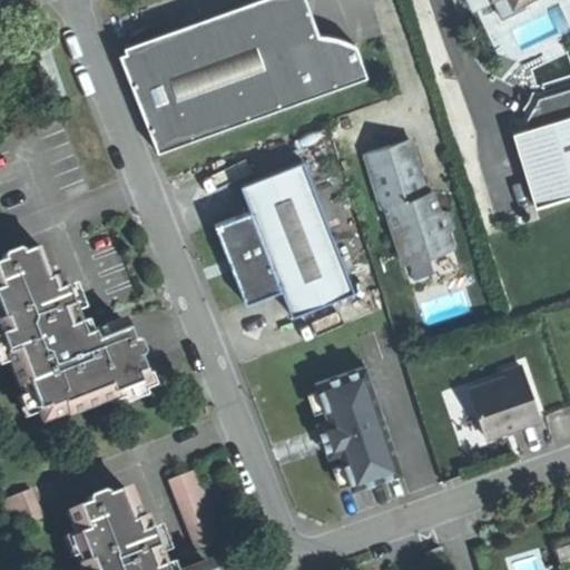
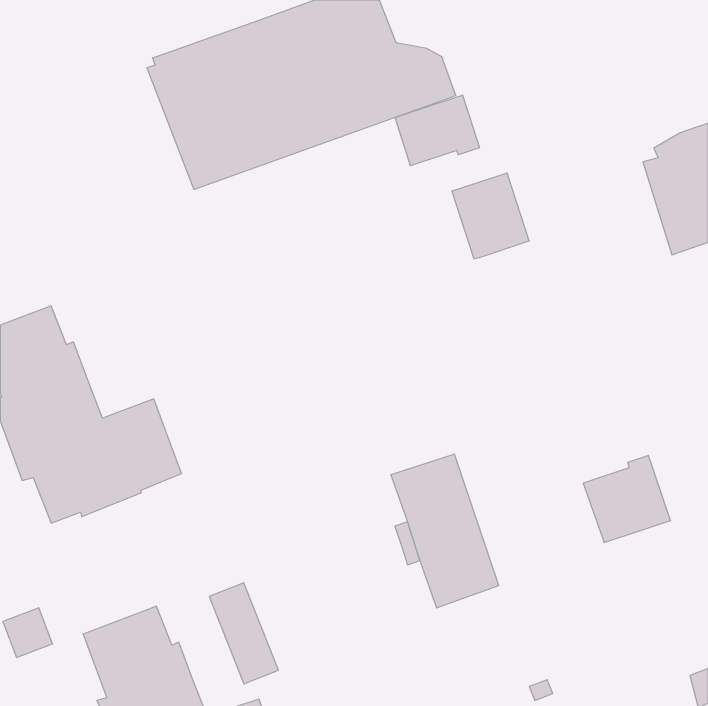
building: none -> [395,95,480,166]
building: [214,160,354,316] -> none
building: [385,193,452,264] -> none

